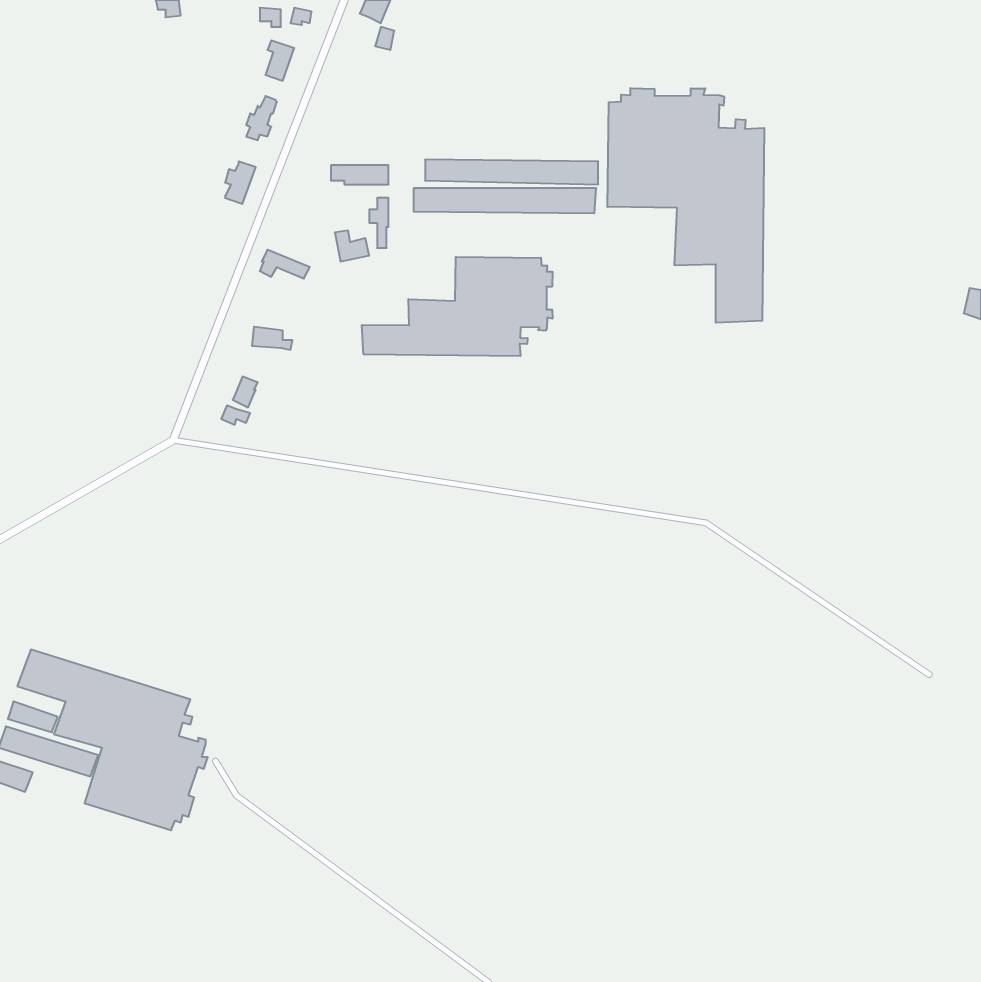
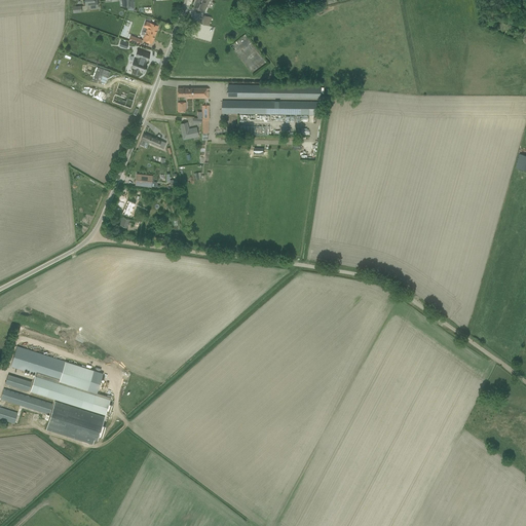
building: [607,88,764,323] -> none
building: [362,257,552,356] -> none

